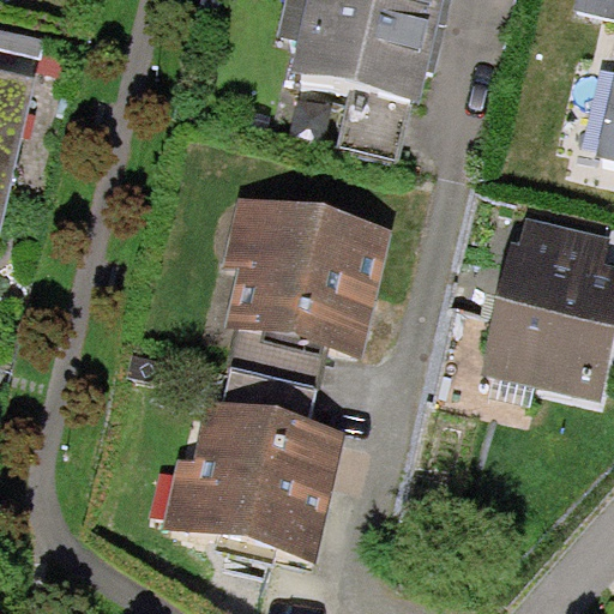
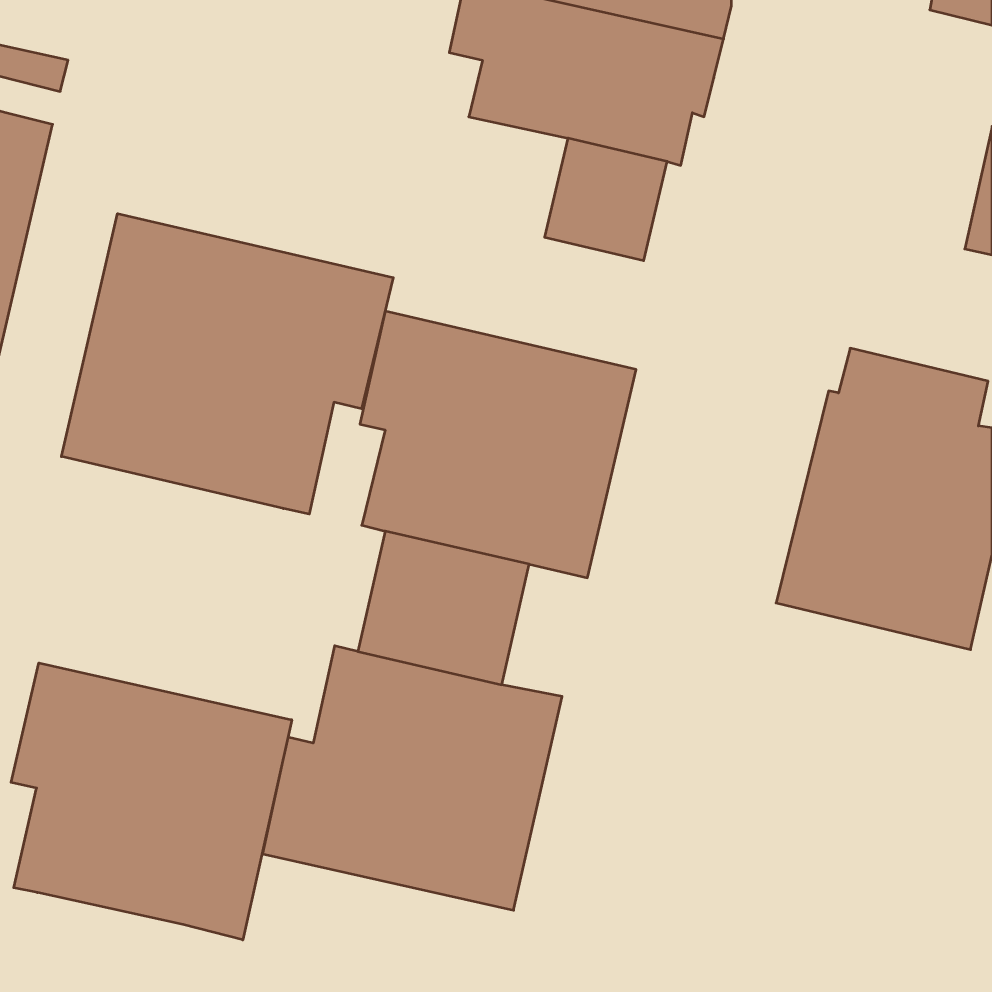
building: none -> [61,214,393,514]
building: none -> [11,663,292,940]

